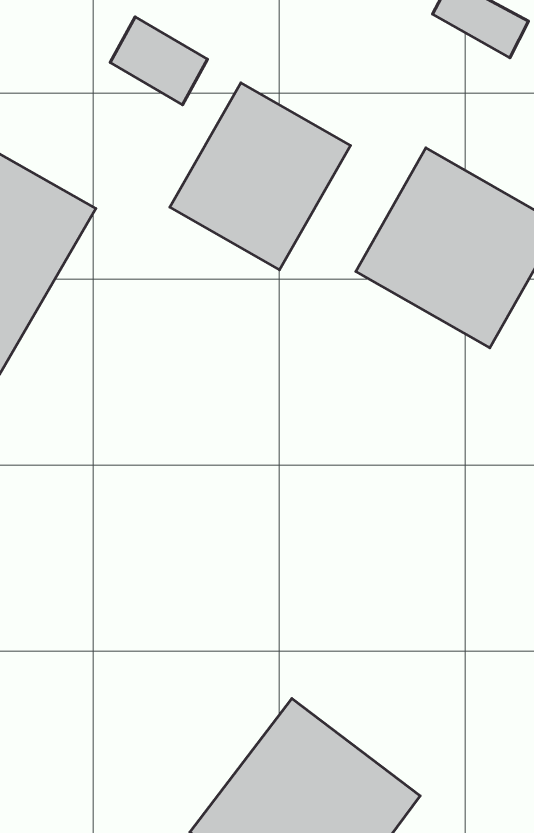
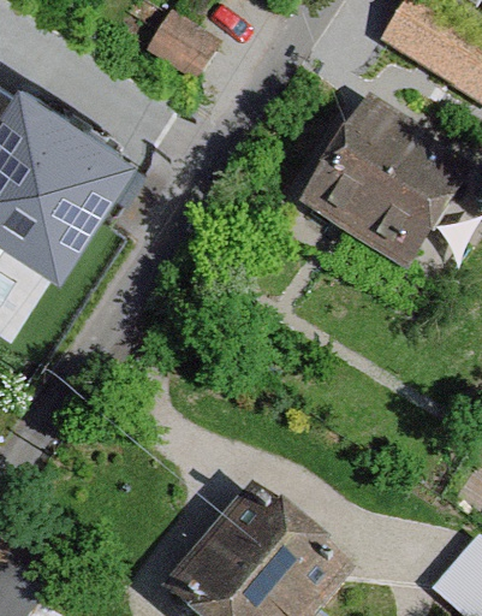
building: [170,83,350,270] -> none

